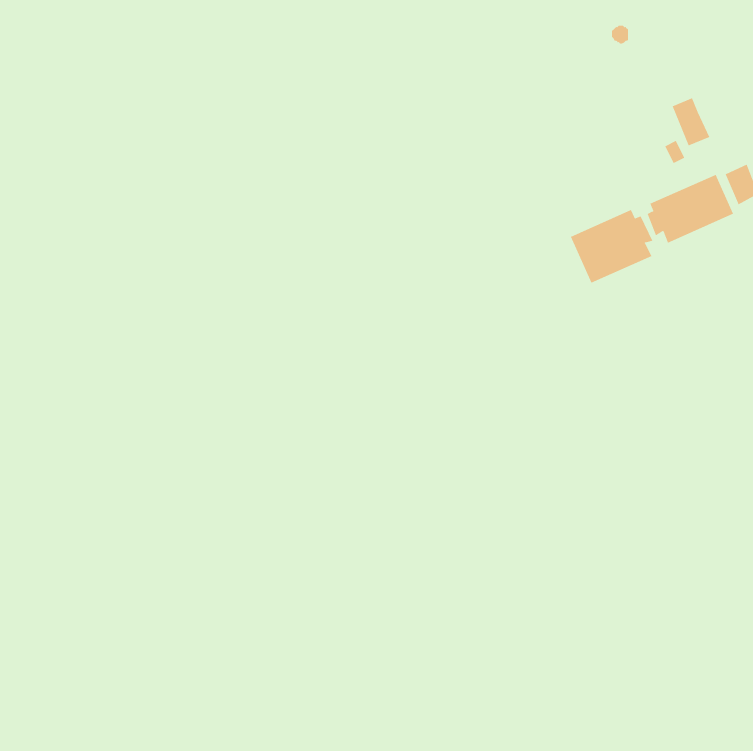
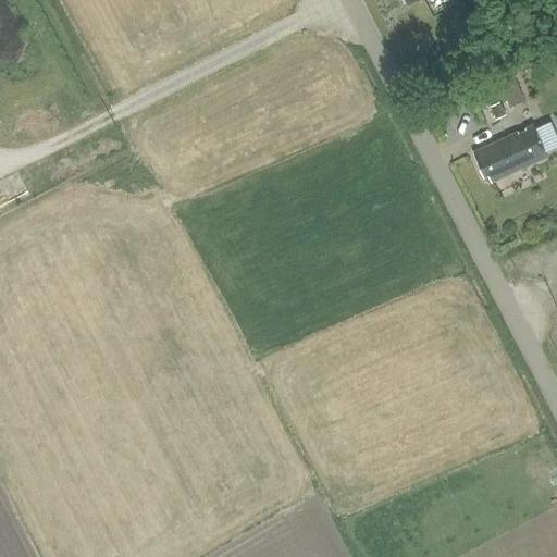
building: [570,209,653,284] -> none

